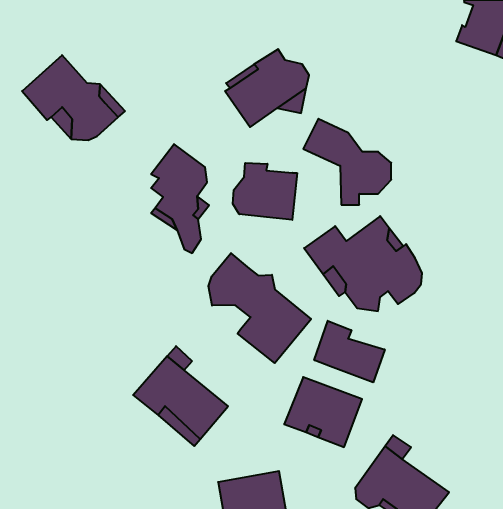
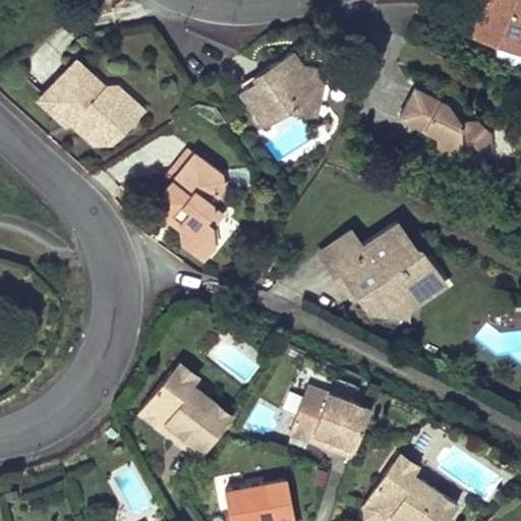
building: [303,119,391,205] -> [401,94,490,181]
building: [233,163,297,220] -> none
building: [209,253,311,363] -> none
building: [314,321,385,382] -> none

